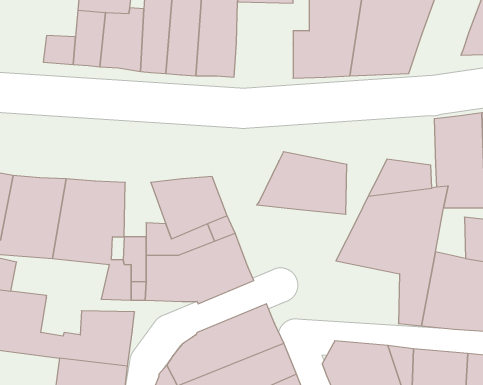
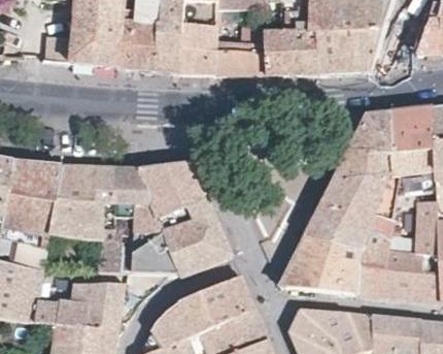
building: none -> [212,19,265,74]
building: none -> [348,110,391,152]
building: [257,152,347,214] -> [279,237,360,293]
building: none -> [114,167,151,216]

